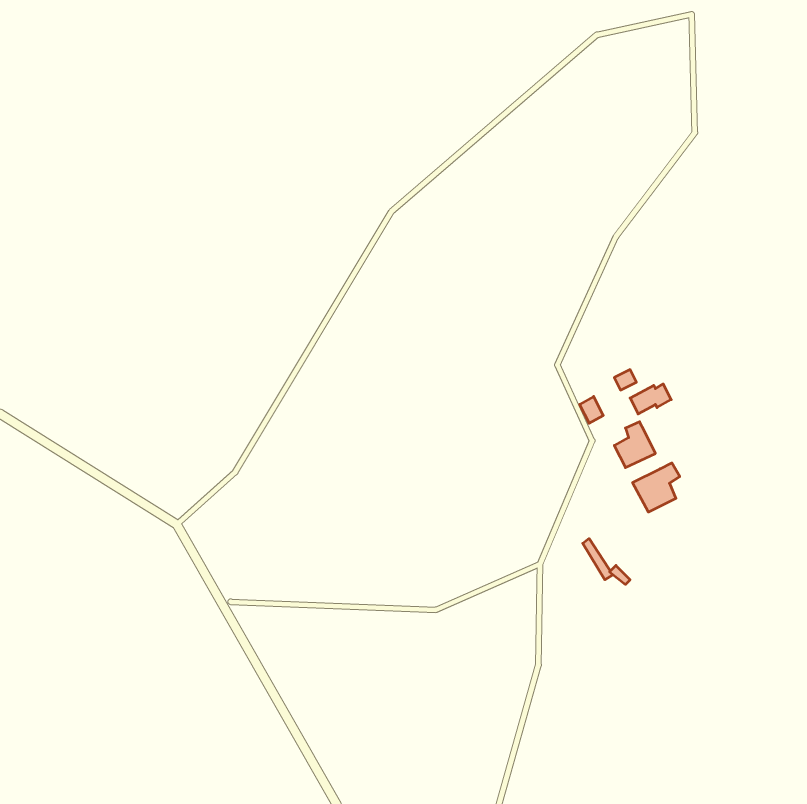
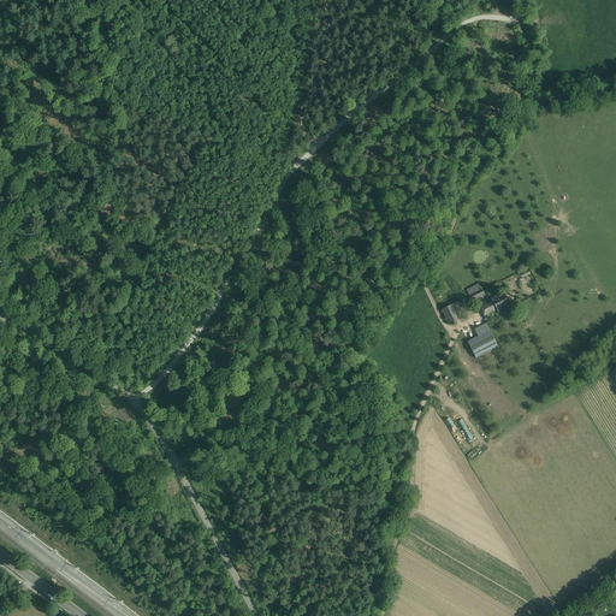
building: [633,463,680,512] -> none

